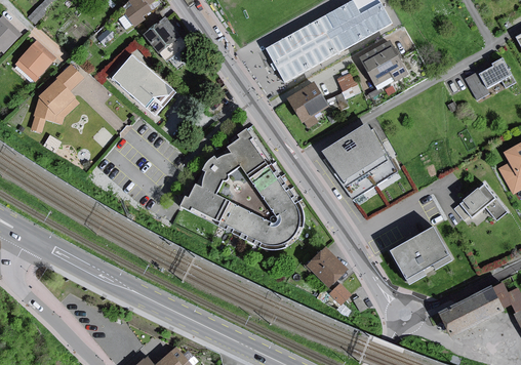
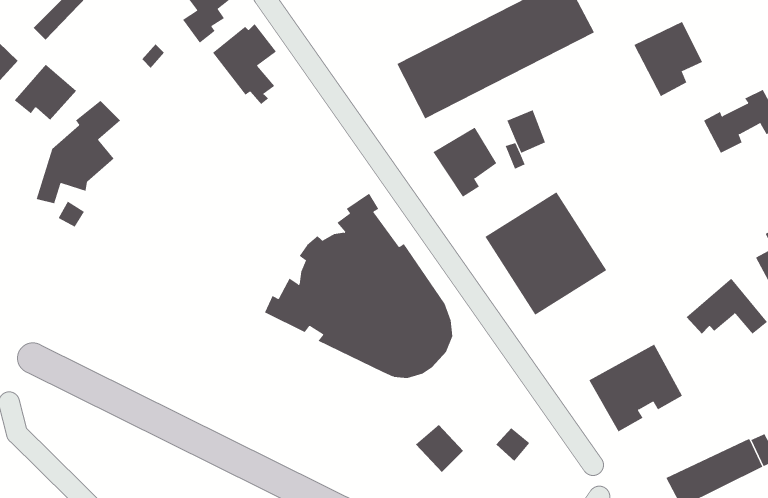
building: [360,44,405,93] -> [634,21,703,97]
building: [110,50,176,114] -> none
building: [308,249,339,281] -> [415,424,464,473]

